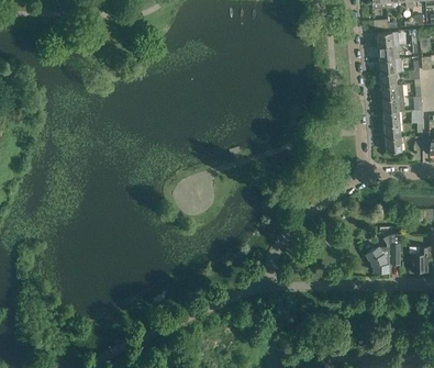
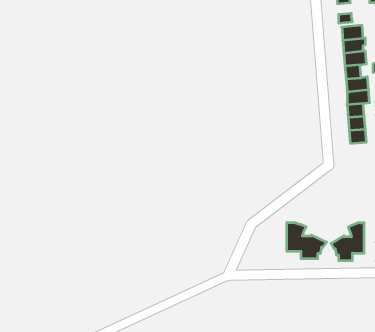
building: none -> [287,222,327,259]

